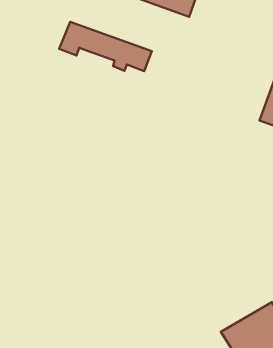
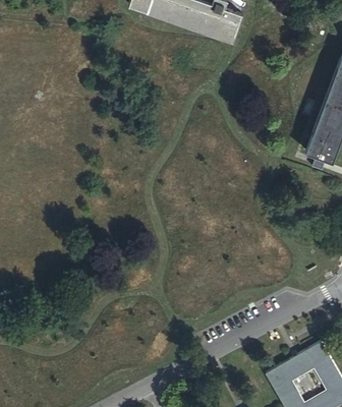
building: [59,22,152,71] -> none

